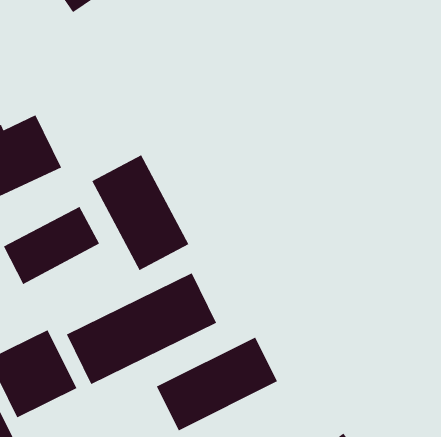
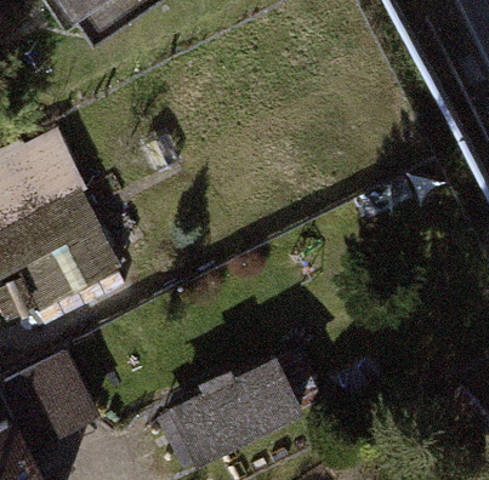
building: [91,154,189,271] -> none
building: [66,272,217,385] -> none

